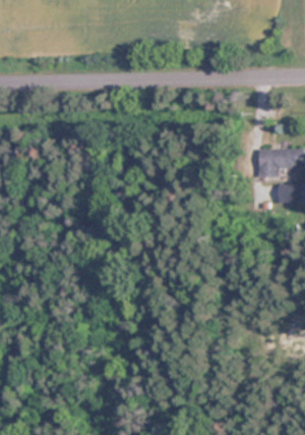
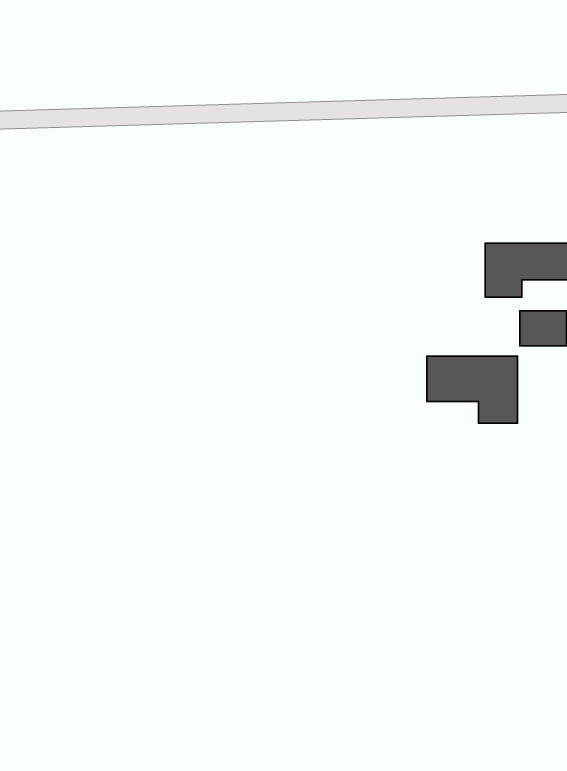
building: none -> [427,356,518,423]

